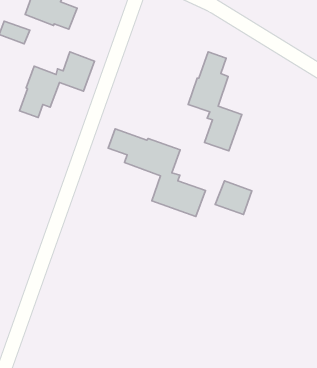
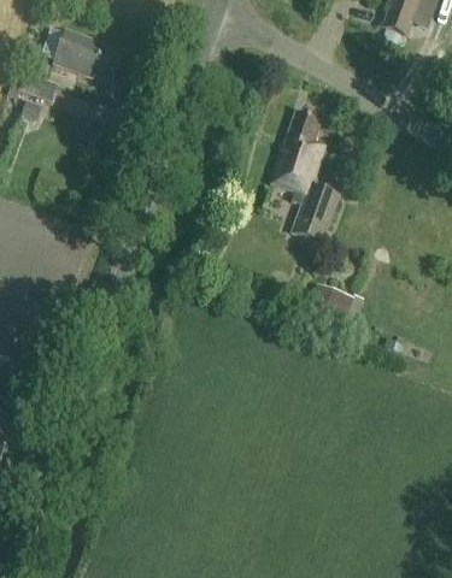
building: [20,52,94,117] -> none
building: [108,129,205,216] -> none

